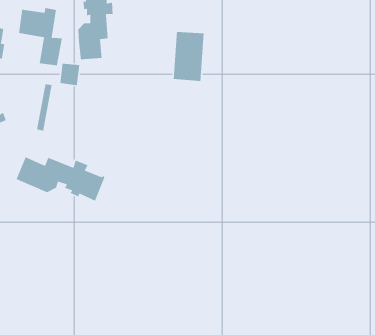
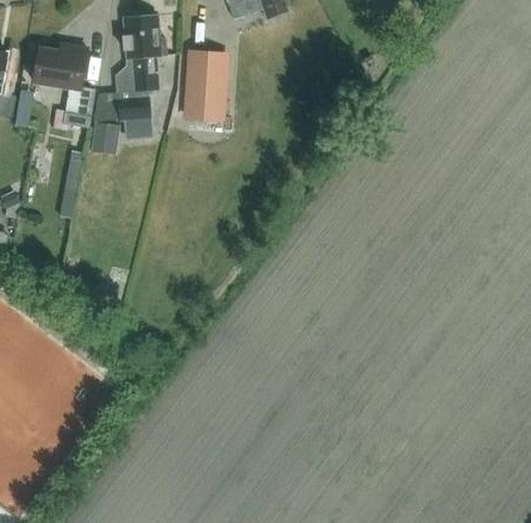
building: [173,31,205,82] -> [185,50,229,120]
building: [15,156,106,202] -> none

